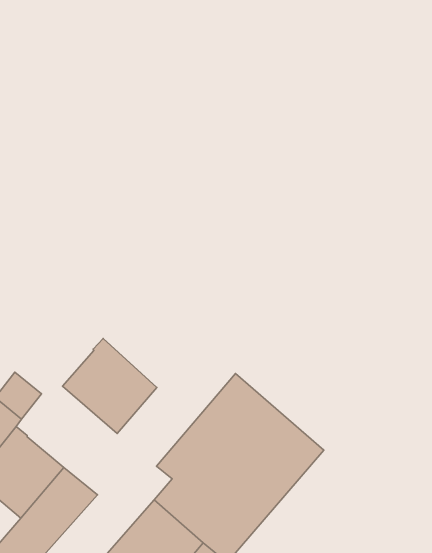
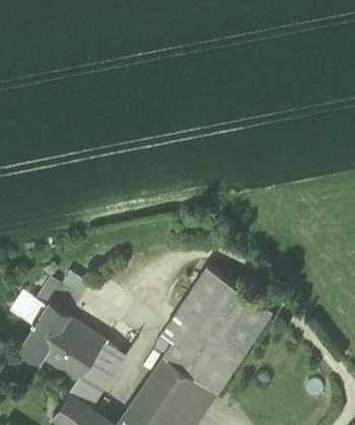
building: [62,338,157,434] -> none

